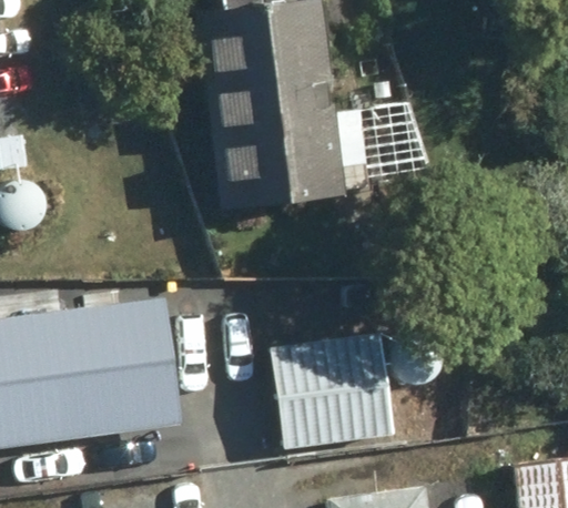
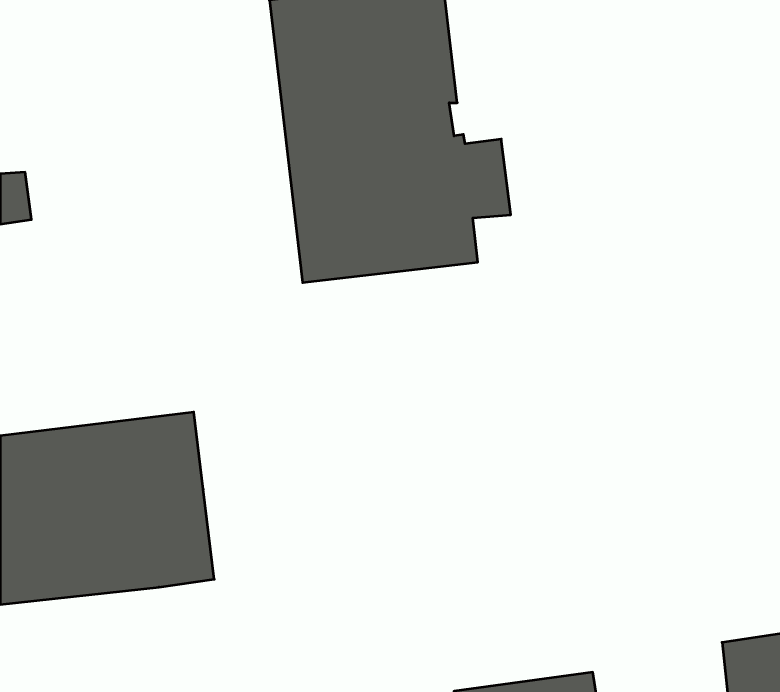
building: [263,334,392,450] -> none

